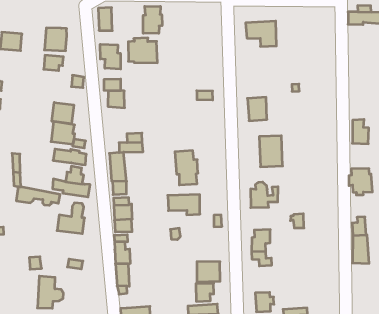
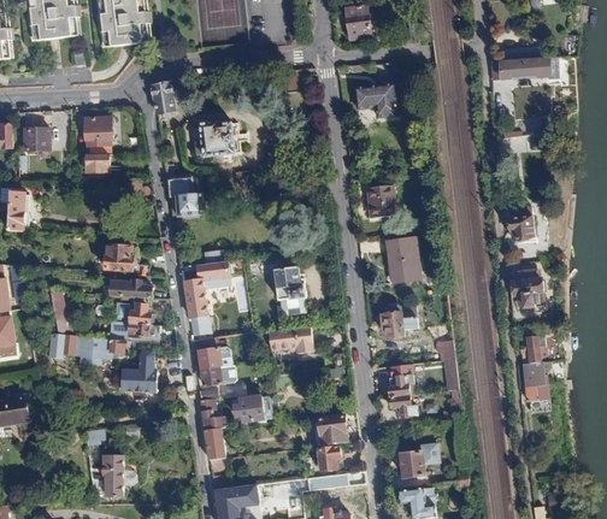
building: [143,6,162,33] -> none
building: [100,44,121,69] -> none
building: [52,102,74,124] -> none
building: none -> [231,396,271,424]

